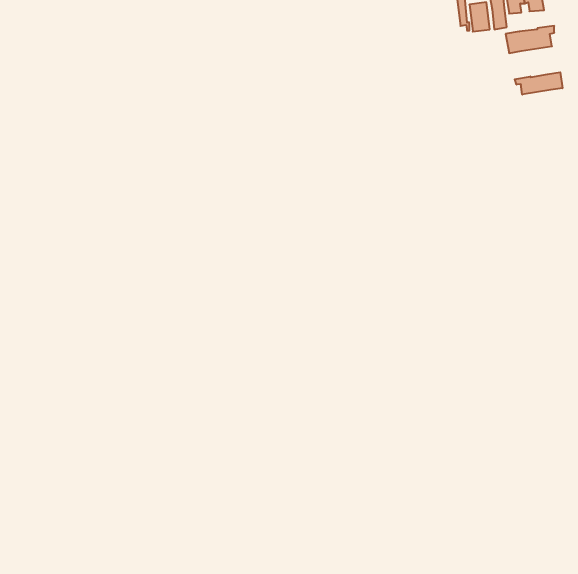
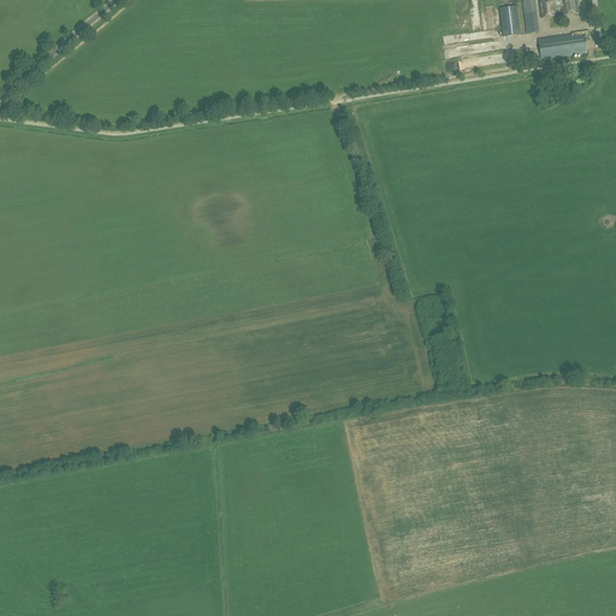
building: [515,72,562,95] -> none

